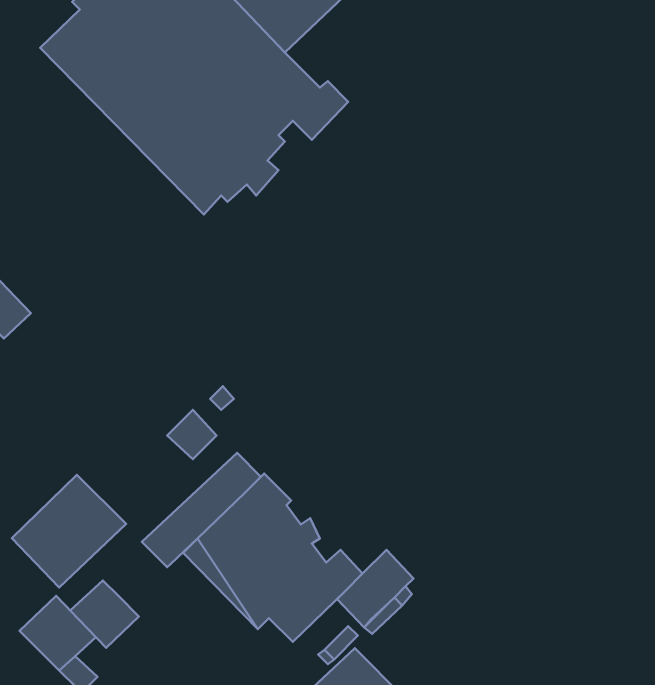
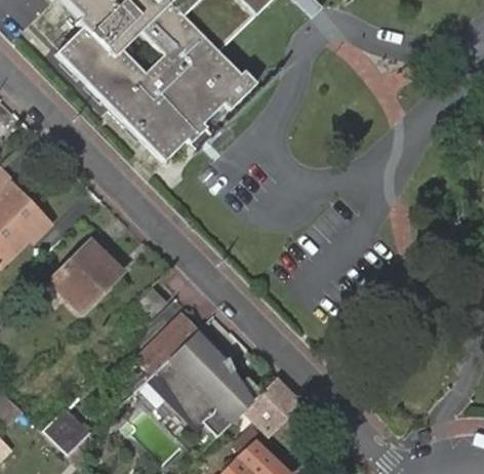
building: [12,475,126,588] -> [48,236,122,309]
building: [70,580,139,648] -> none

